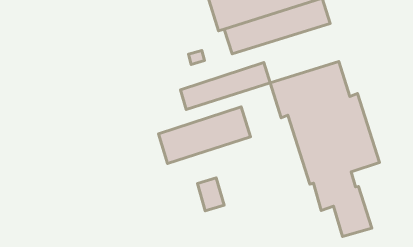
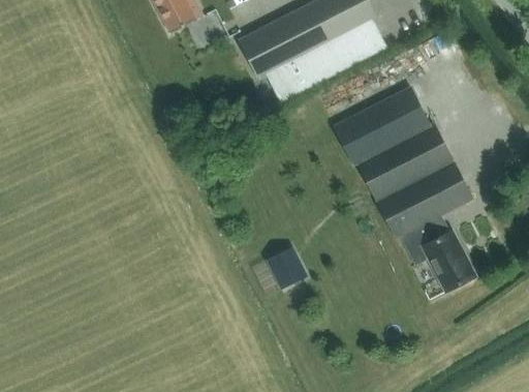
building: [180,63,270,109] -> none
building: [159,107,251,163] -> none

